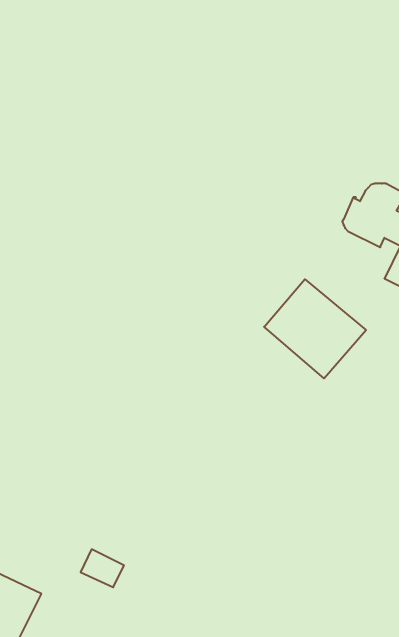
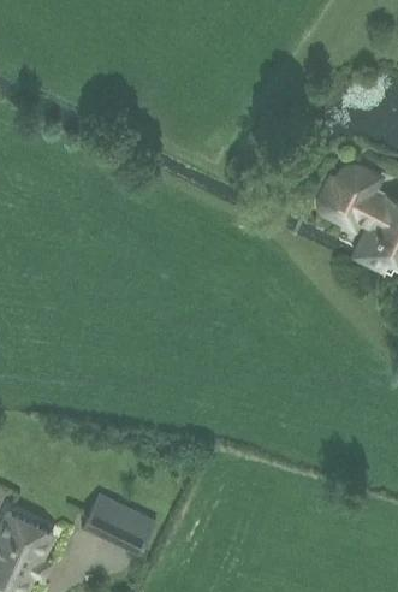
building: [264,279,366,378] -> none
building: none -> [118,509,156,543]

